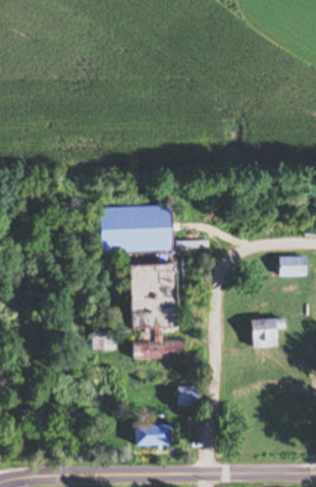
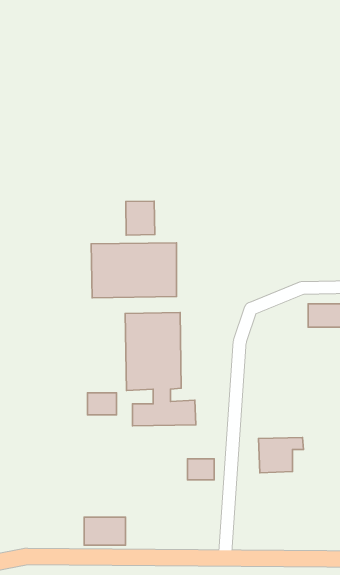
building: none -> [126,201,155,235]
building: [251,318,288,347] -> [258,437,304,473]
building: [135,424,169,447] -> [84,517,126,545]

